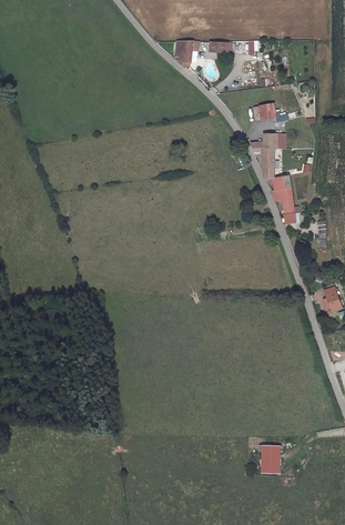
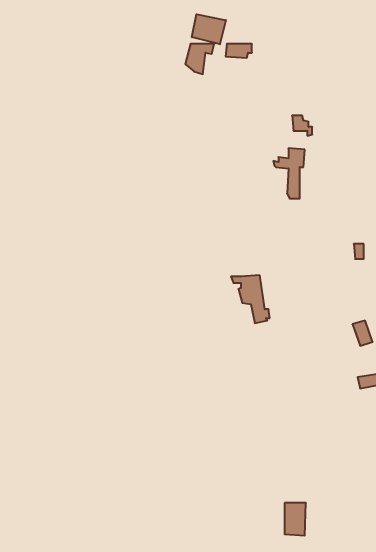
building: none -> [192,14,226,44]
building: [265,176,300,219] -> [231,275,270,323]

